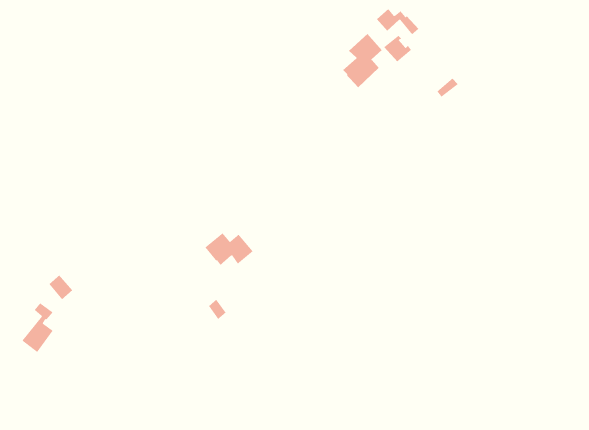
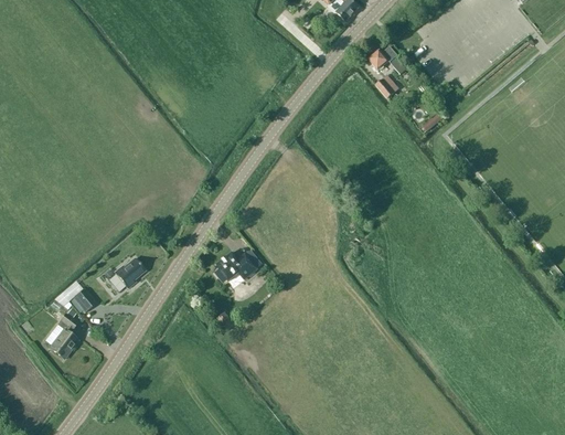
building: [342,33,383,88] -> none
building: none -> [114,258,145,288]

